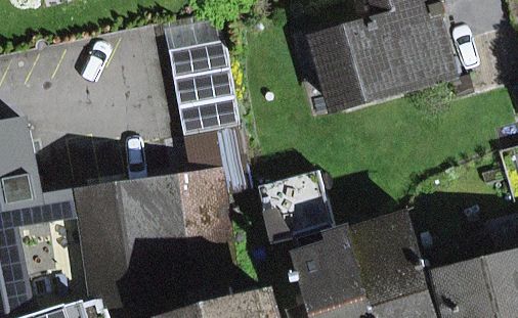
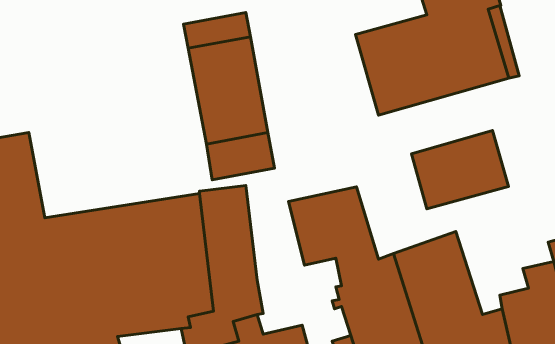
building: none -> [411,130,508,209]

